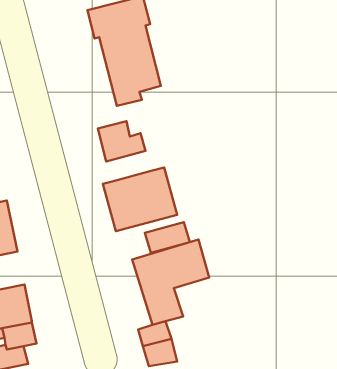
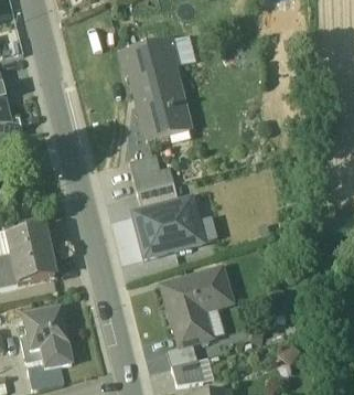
building: [145,222,190,253] -> [137,181,179,210]

